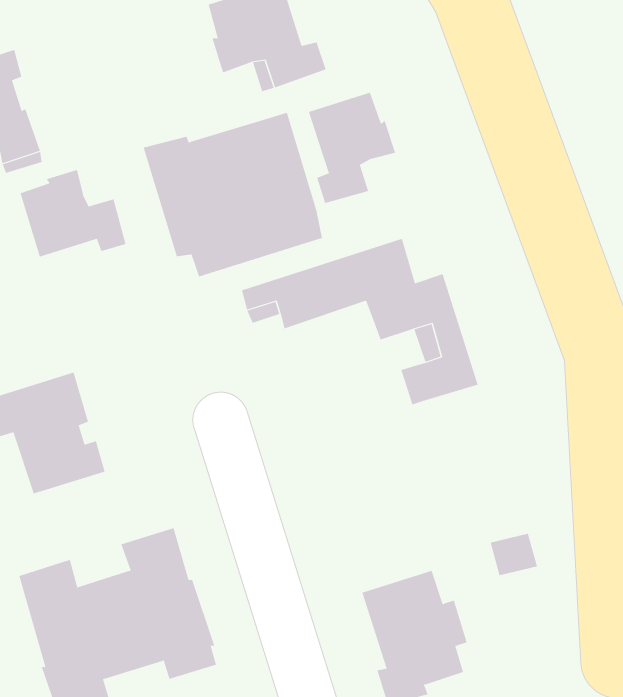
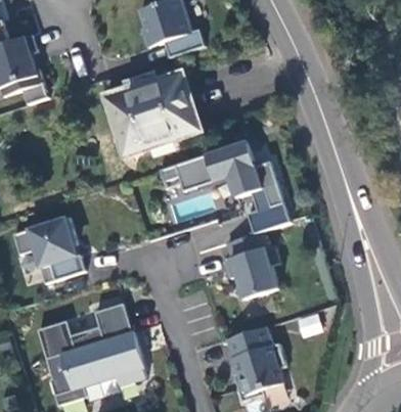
building: [308,92,396,204] -> none
building: [20,169,126,257] -> none
building: none -> [222,231,276,299]

